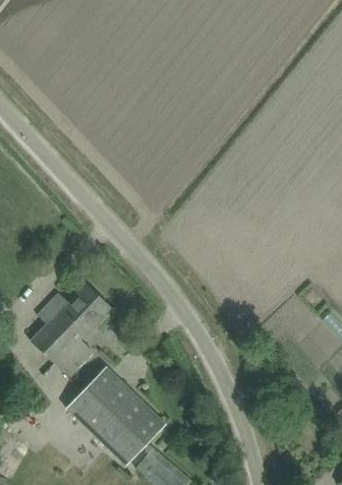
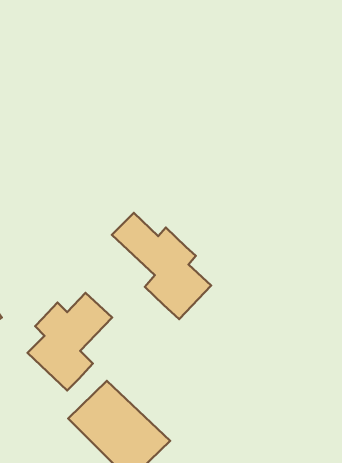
building: none -> [112,213,211,319]

